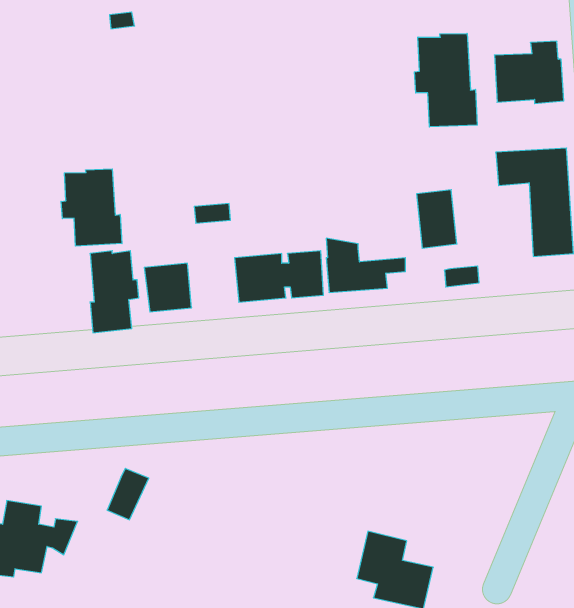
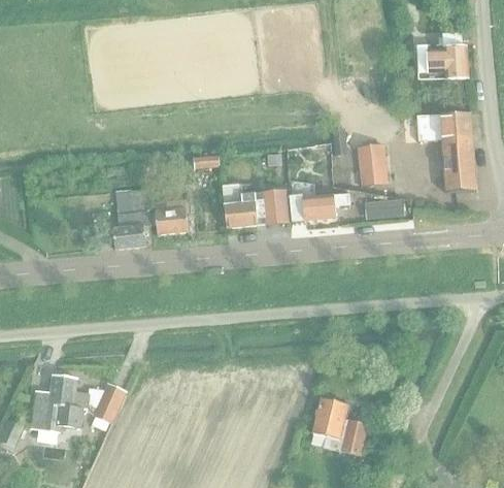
building: [414,33,477,127] -> none
building: [61,169,122,246] -> none
building: [107,468,149,520] -> [96,384,127,422]

